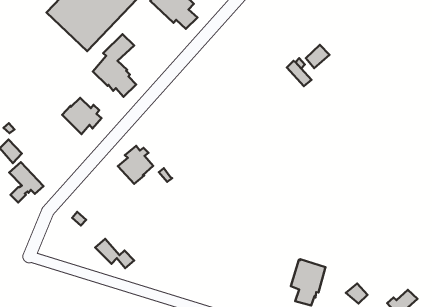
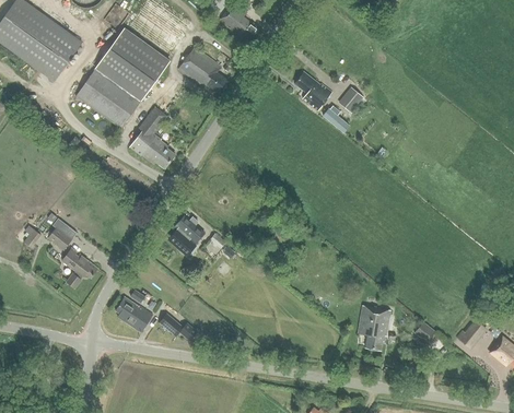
building: none -> [294,71,331,110]
building: [62,98,102,134] -> none
building: none -> [115,296,152,332]

